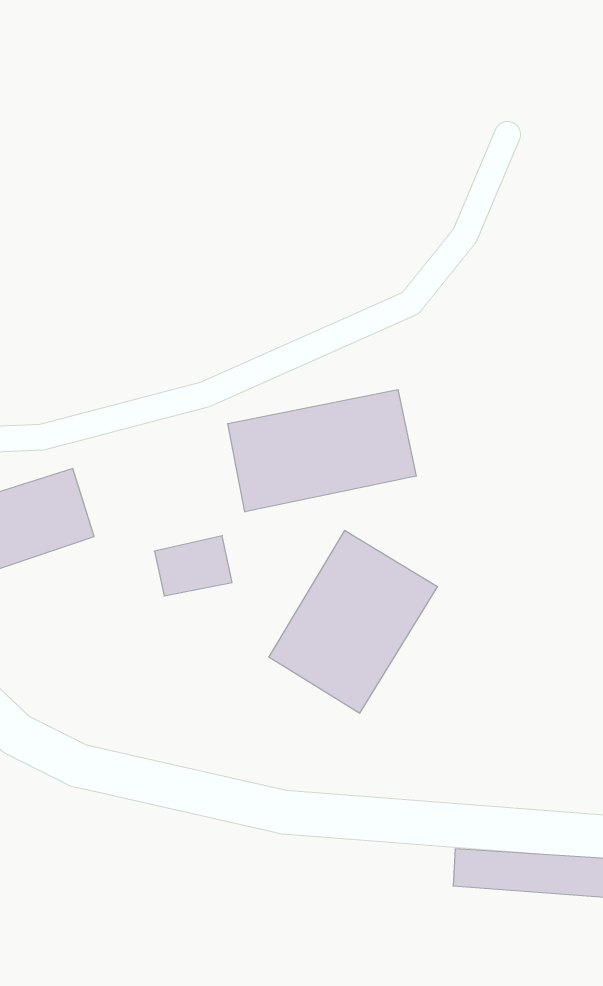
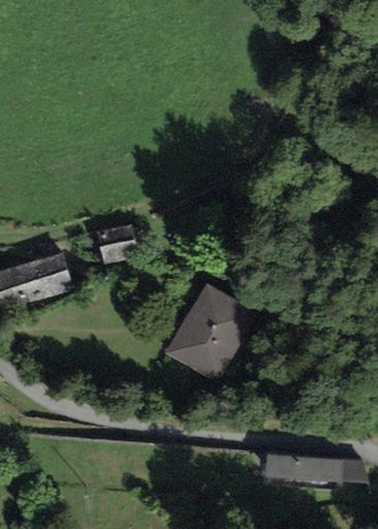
building: [228,390,416,512] -> none
building: [154,536,232,596] -> [96,223,137,255]

